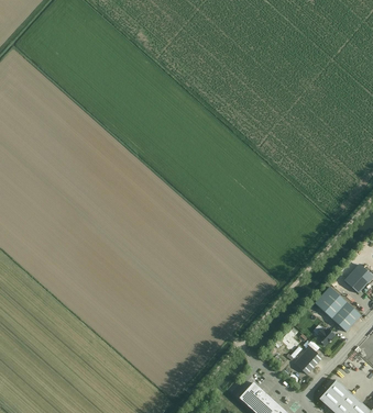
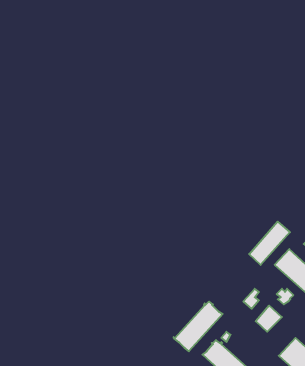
building: none -> [249,222,290,265]
building: none -> [174,302,223,351]

